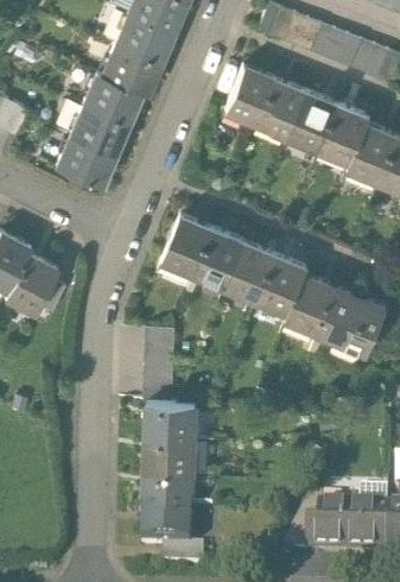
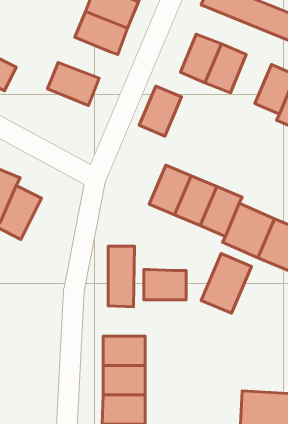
building: [83,69,146,121] -> none
building: [292,93,342,152] -> none
building: [57,134,120,186] -> none
building: [163,214,214,274] -> [139,86,181,136]
building: none -> [201,253,252,313]
building: [138,398,189,435] -> [144,270,186,300]

